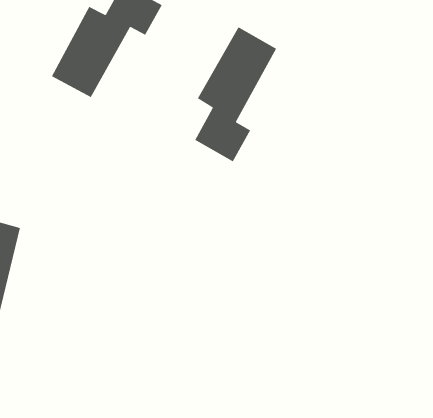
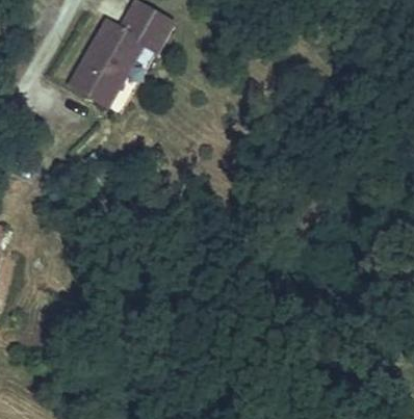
building: [194,26,277,162] -> none

